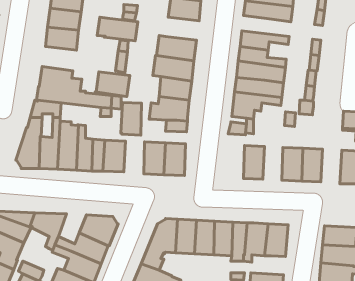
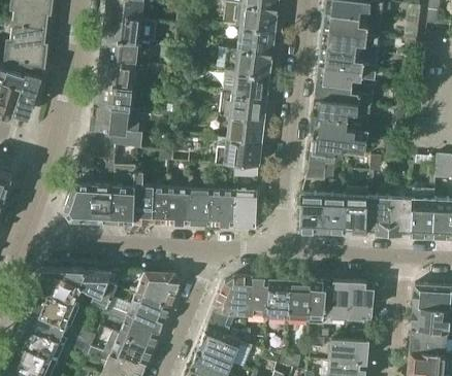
building: none -> [321,47,377,71]
building: [97,17,138,41] -> [226,48,272,75]
building: [95,72,130,96] -> [94,82,133,110]
building: [121,102,142,135] -> [187,190,211,227]
building: none -> [411,189,434,238]
building: none -> [300,194,324,232]
building: none -> [345,196,367,234]

